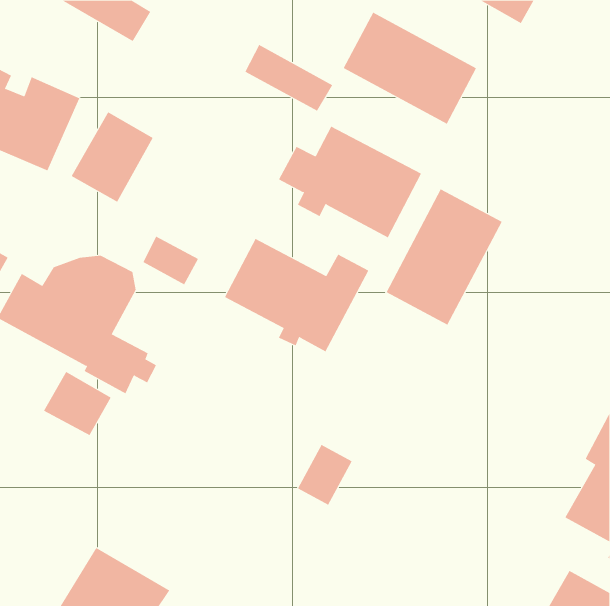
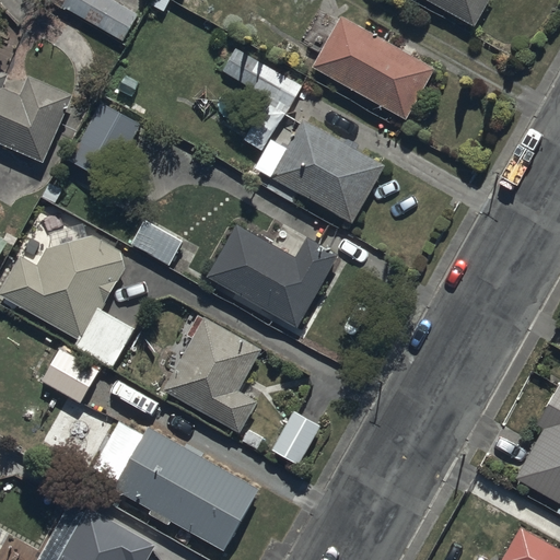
building: [386,189,502,326] -> none
building: none -> [159,315,261,433]
building: none -> [113,427,258,551]

